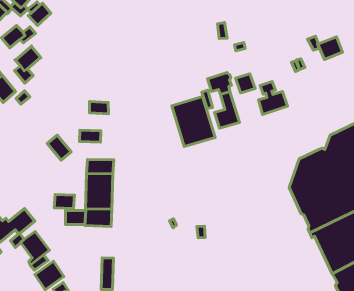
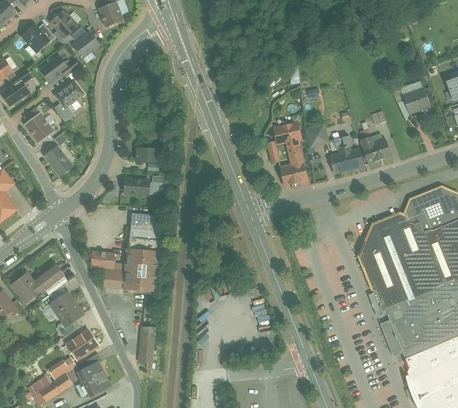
building: none -> [359,135,390,163]
building: [172,97,215,147] -> none
building: [47,135,71,160] -> [44,146,71,175]

